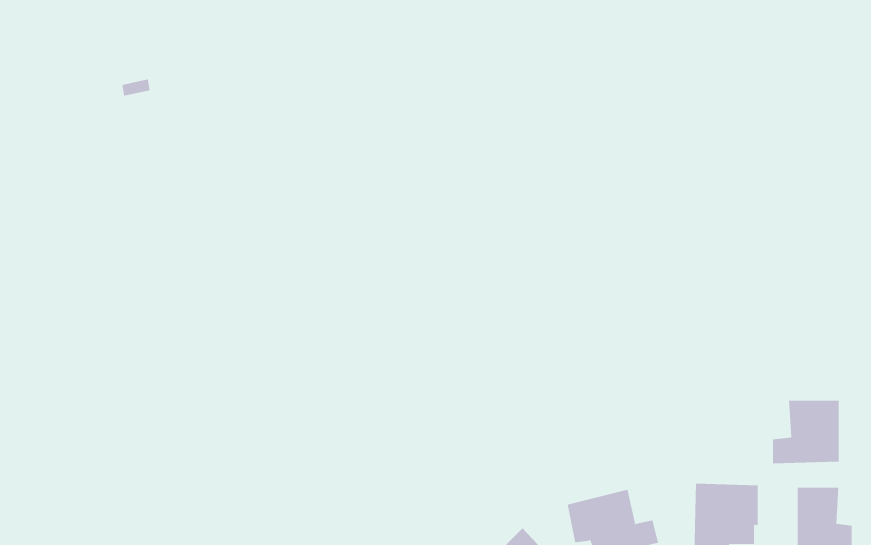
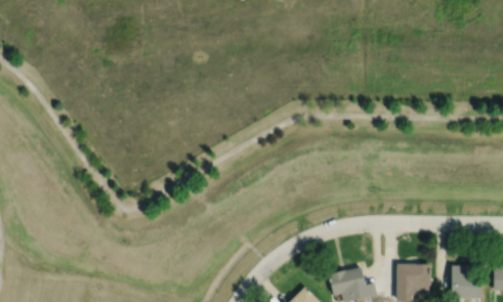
building: [772,400,839,464] -> none

